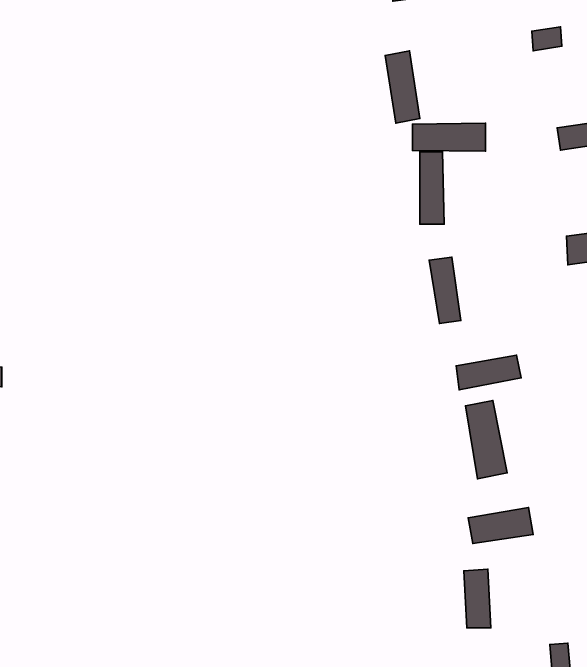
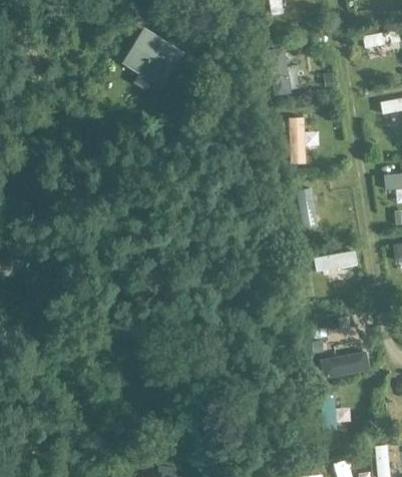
building: none -> [127,32,179,81]
building: [412,123,485,151] -> none
building: [465,401,507,479] -> none

